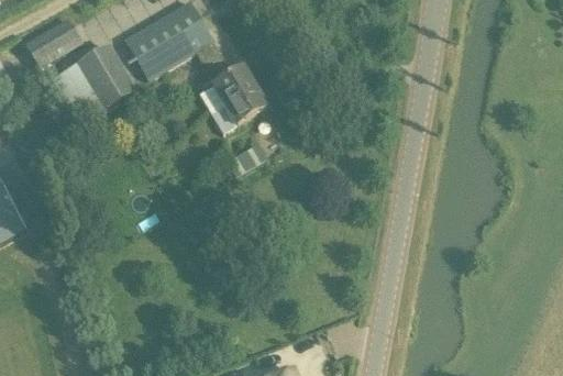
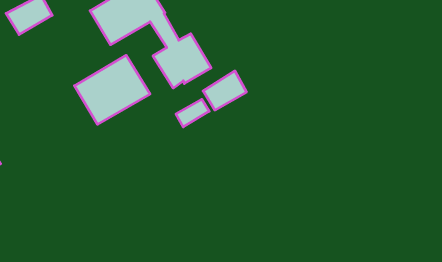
building: [47,44,137,126] -> [74,55,150,124]
building: none -> [203,71,246,110]

